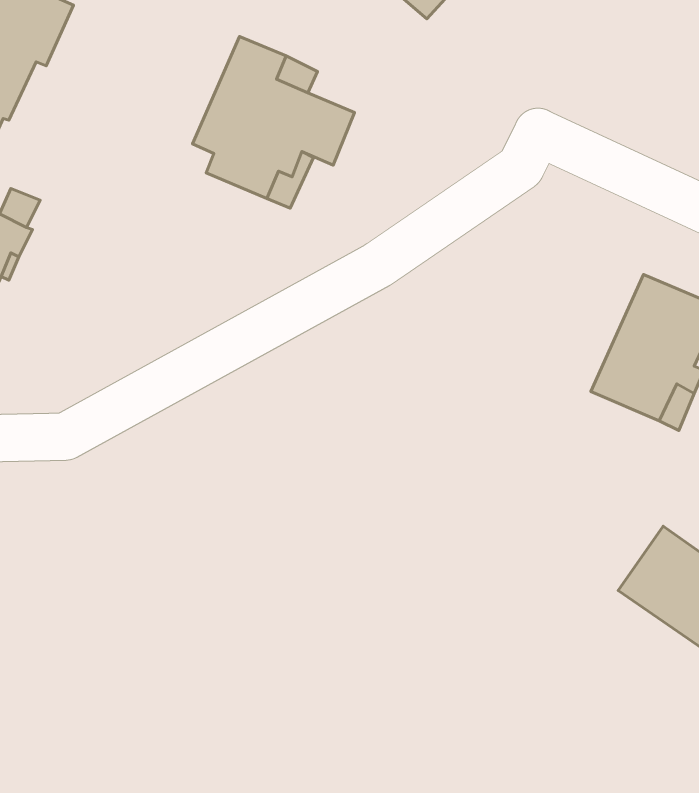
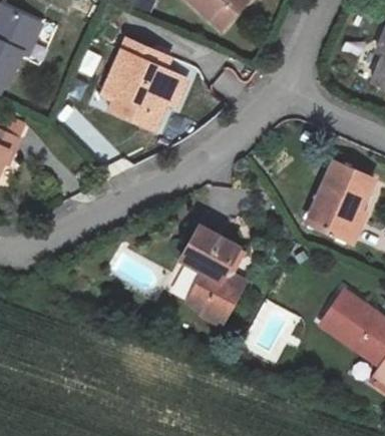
building: none -> [181,226,245,324]

